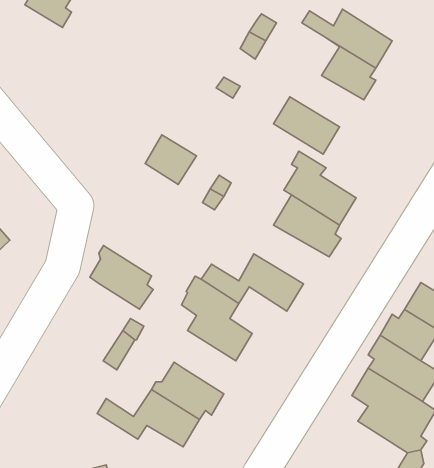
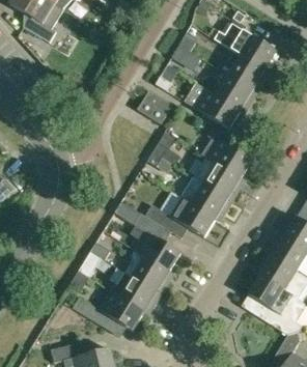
building: none -> [205,75,256,110]
building: [145,135,196,184] -> [137,89,172,123]
building: none -> [180,177,232,218]
building: [90,246,153,309] -> [125,250,169,293]

